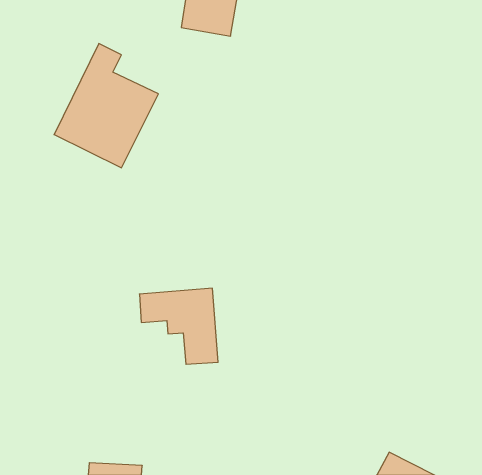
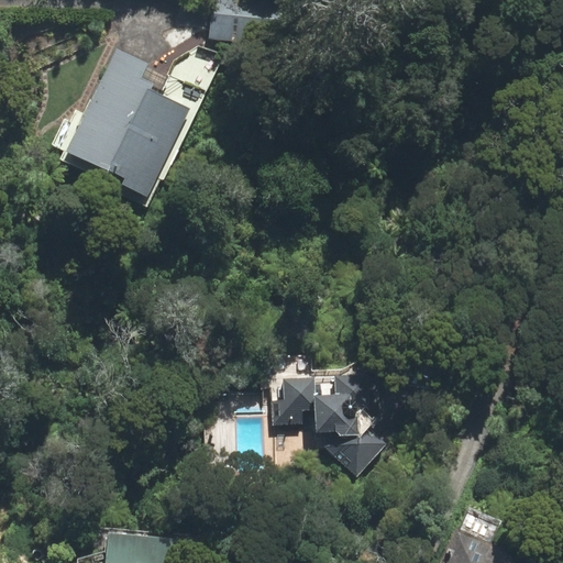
building: [139,288,218,364] -> [280,375,372,463]

